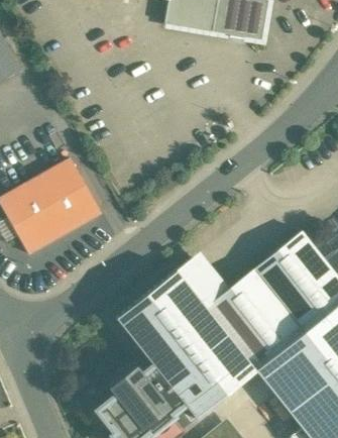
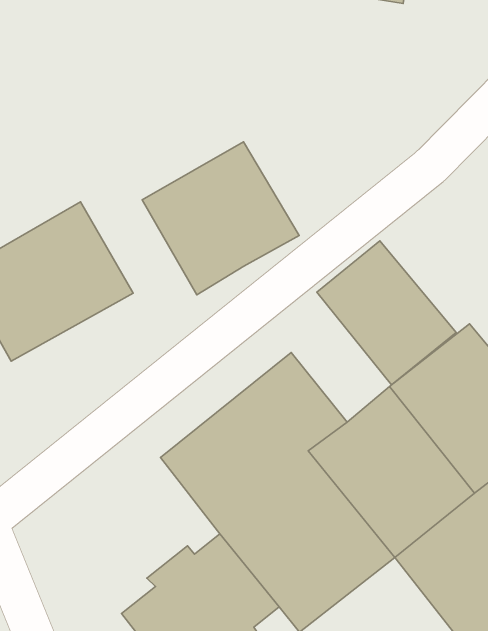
building: none -> [142,142,299,295]
building: none -> [317,241,456,385]

